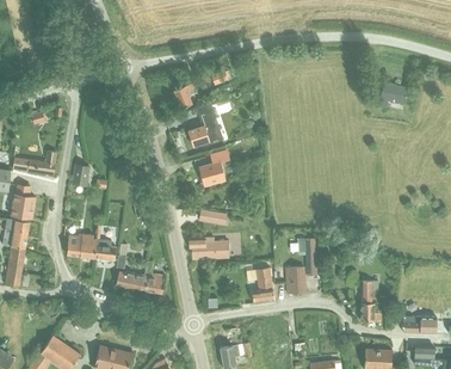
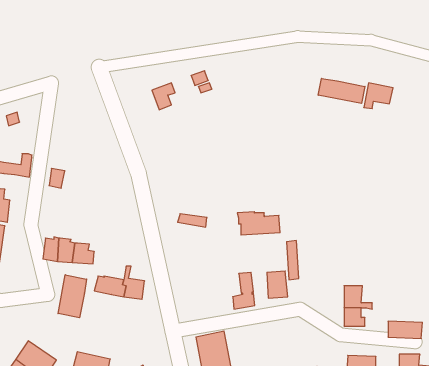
building: none -> [318,78,365,103]
building: [186,103,220,146] -> none
building: [198,150,228,185] -> none
building: [186,236,228,259] -> [237,212,280,235]
building: none -> [58,275,87,318]

